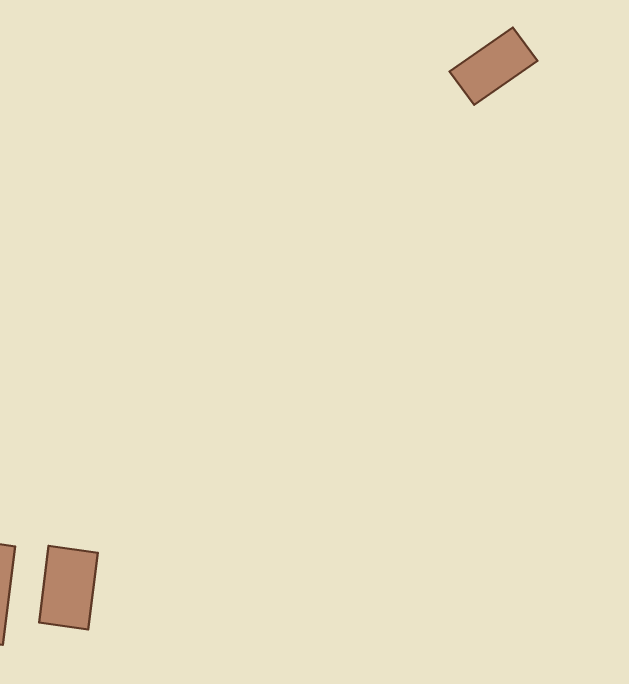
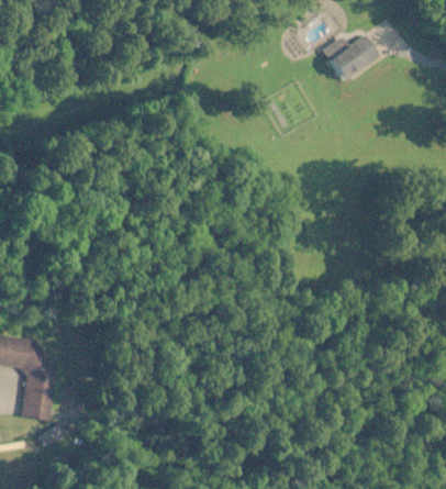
building: [39,546,98,630] -> none

